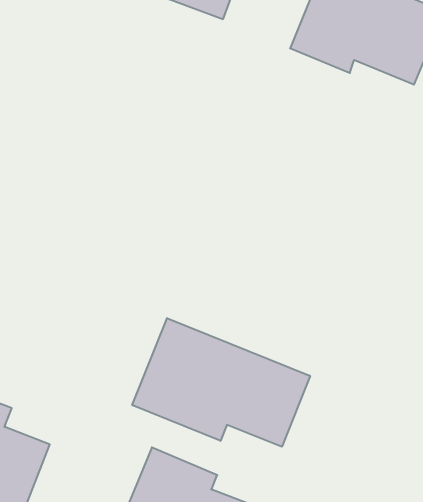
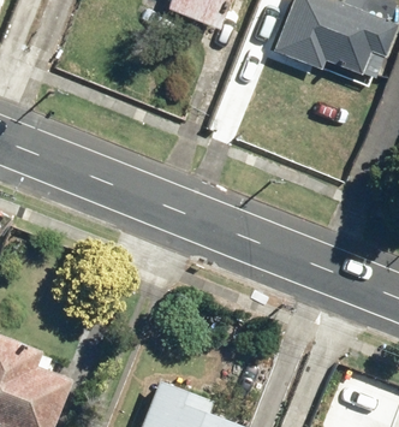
building: [132,318,310,447] -> none

